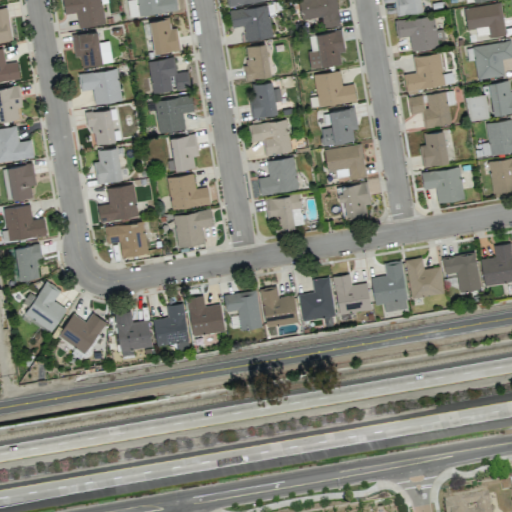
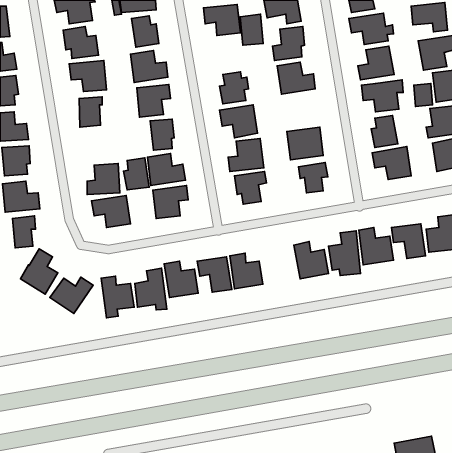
building: [245,44,271,79] -> [240,14,263,45]
building: [321,107,359,146] -> none
building: [94,147,123,183] -> [124,158,149,190]
building: [299,277,336,321] -> none

